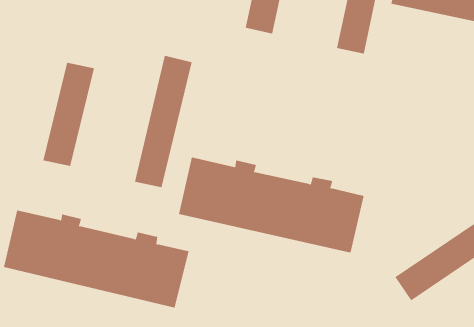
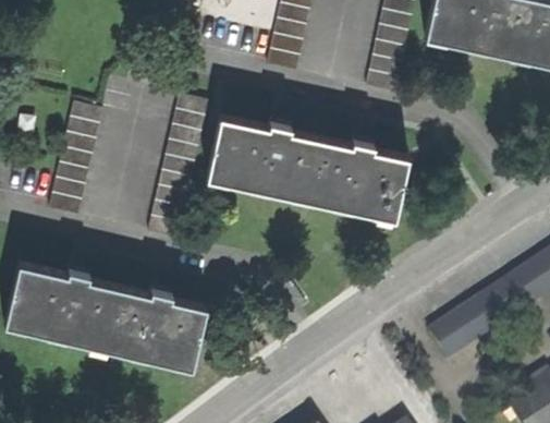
building: [178,157,364,253] -> [206,118,407,222]

